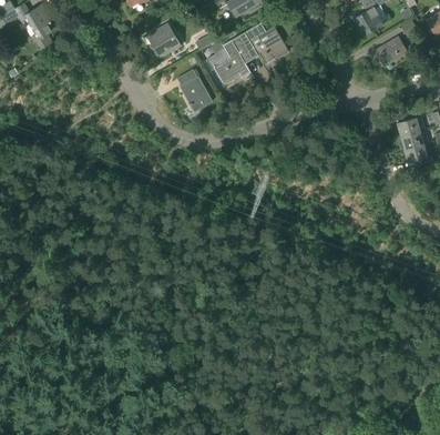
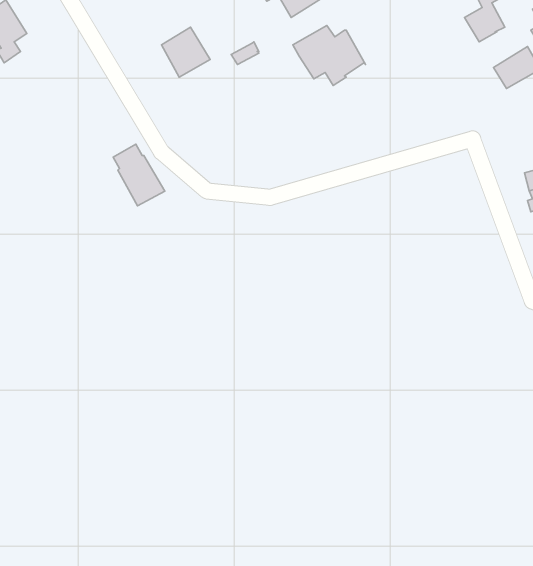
building: [206,36,252,82] -> none
building: [177,69,213,111] -> [113,144,165,206]

